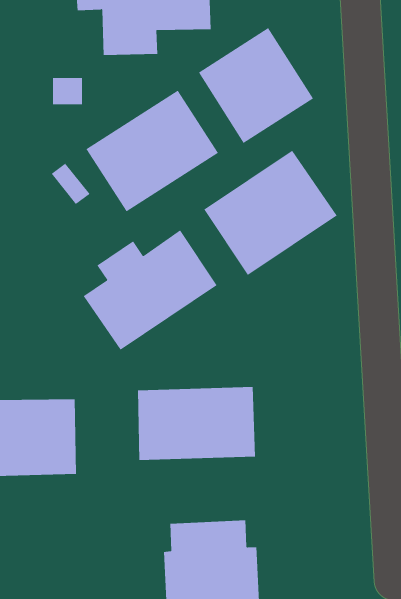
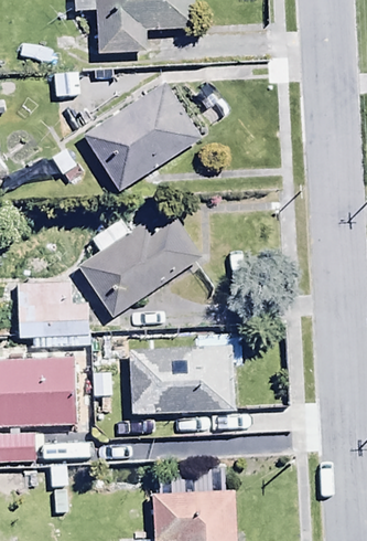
building: [198,27,314,144] -> none
building: [204,150,337,276] -> none
building: none -> [19,280,88,349]

